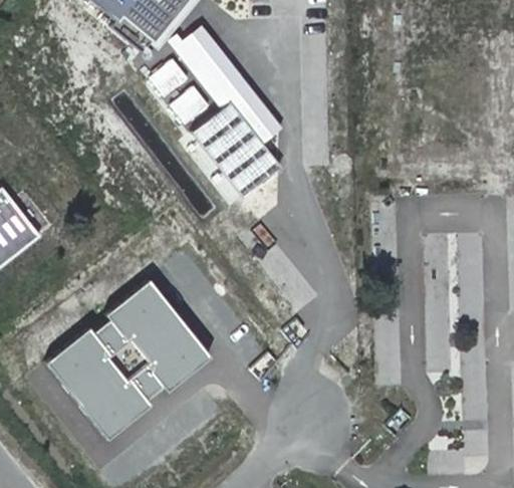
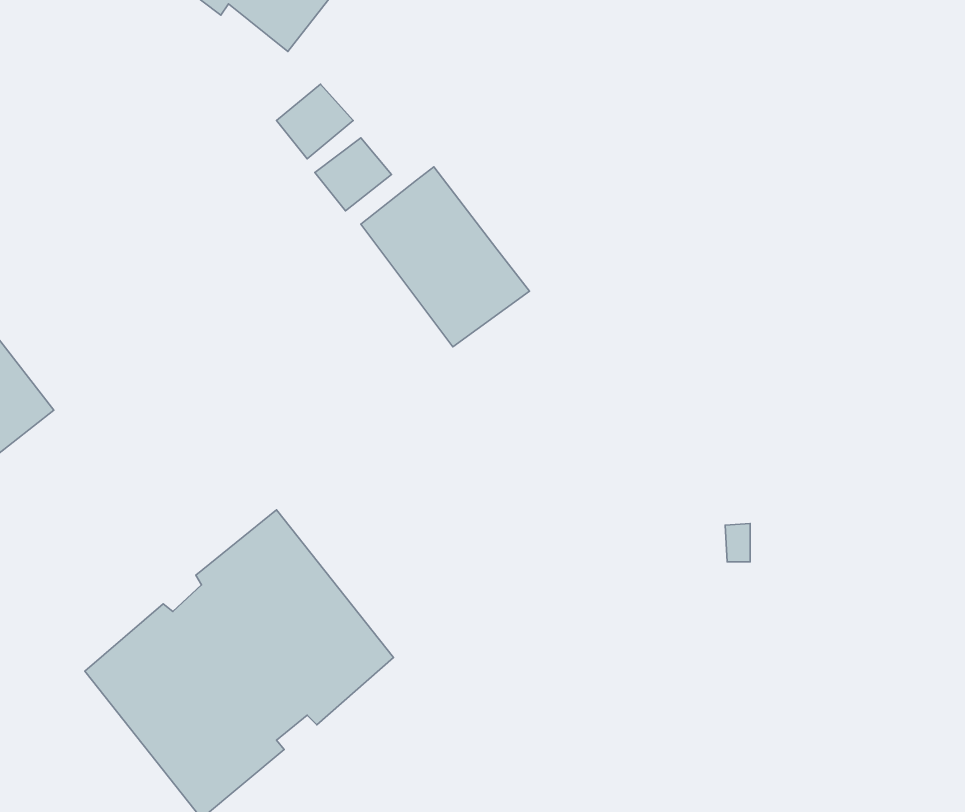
building: [167,24,283,144] -> none

